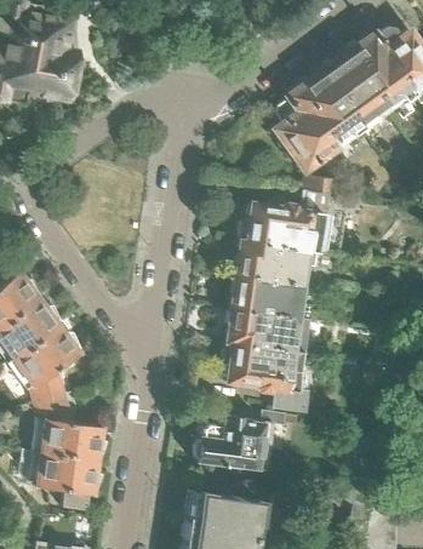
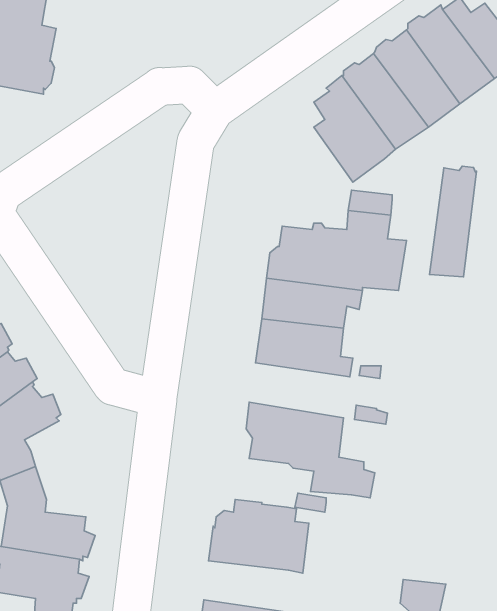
building: none -> [429,166,477,277]
building: [227,310,304,353] -> none

